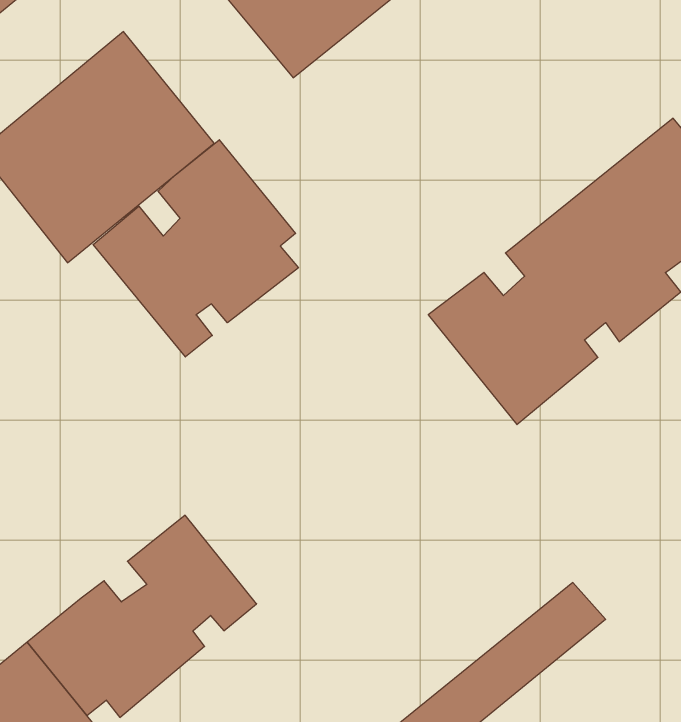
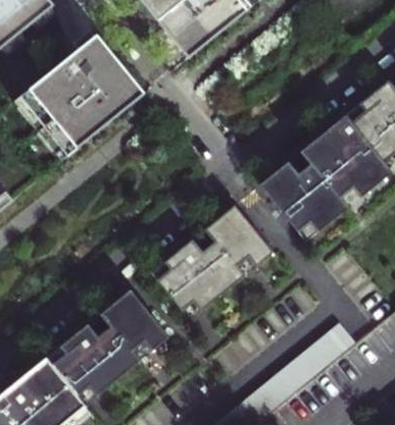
building: [93,140,298,357] -> none
building: none -> [151,205,274,311]

